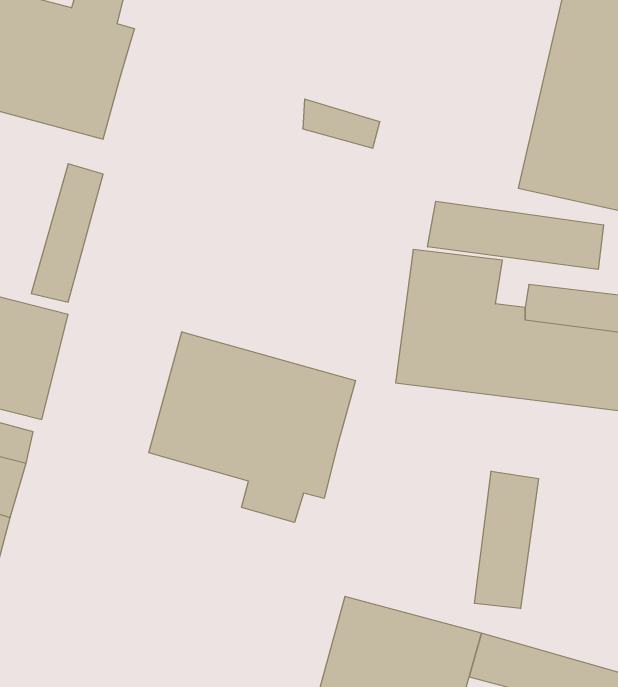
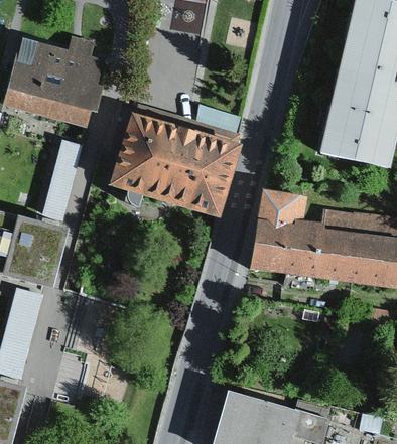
building: none -> [105,112,237,217]
building: [428,201,603,269] -> none
building: [149,332,355,522] -> none
building: [474,471,538,609] -> none

